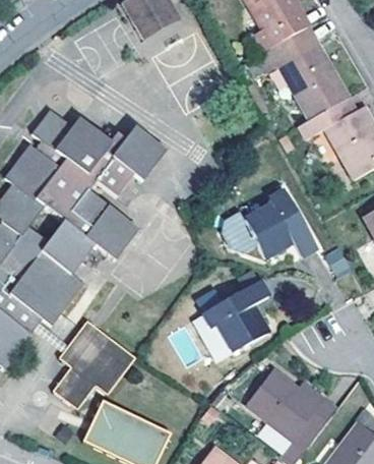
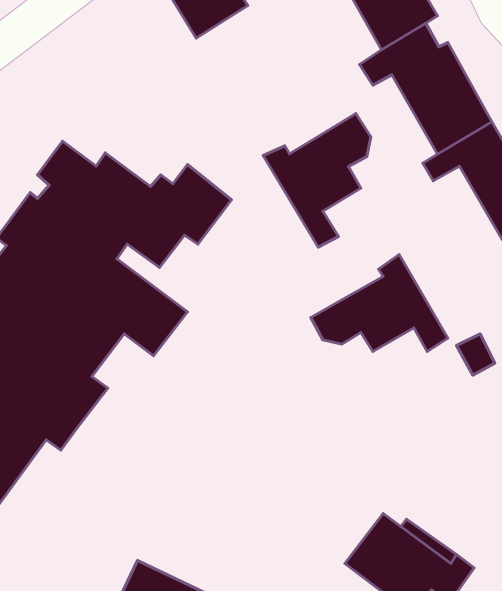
building: none -> [263,114,371,247]
building: [202,279,270,353] -> none
building: [54,322,136,411] -> none

